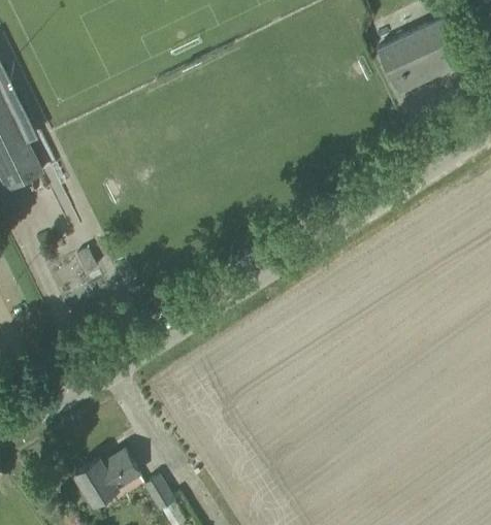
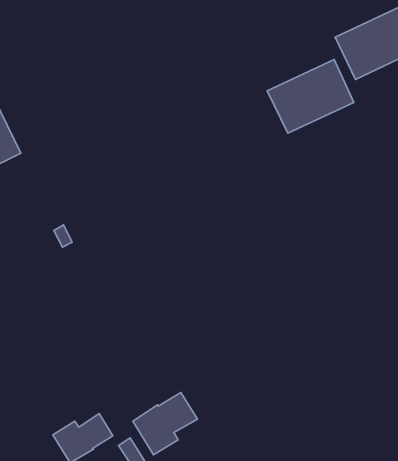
building: none -> [267,59,354,133]
building: none -> [133,392,197,455]

